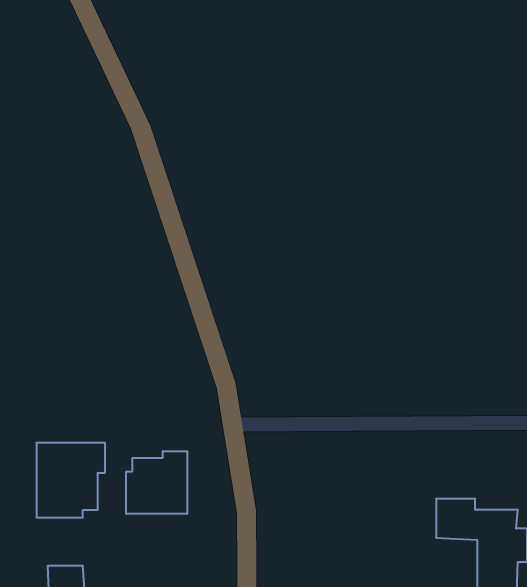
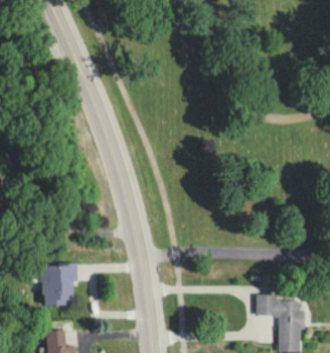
building: [126,451,187,514] -> none

